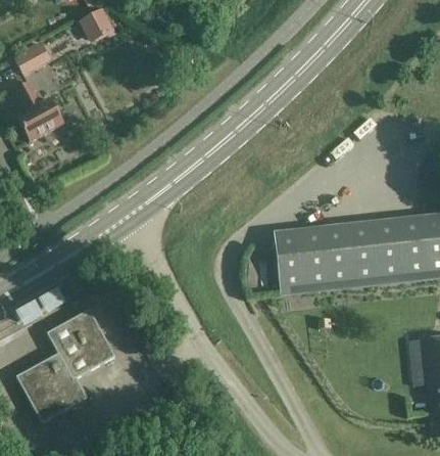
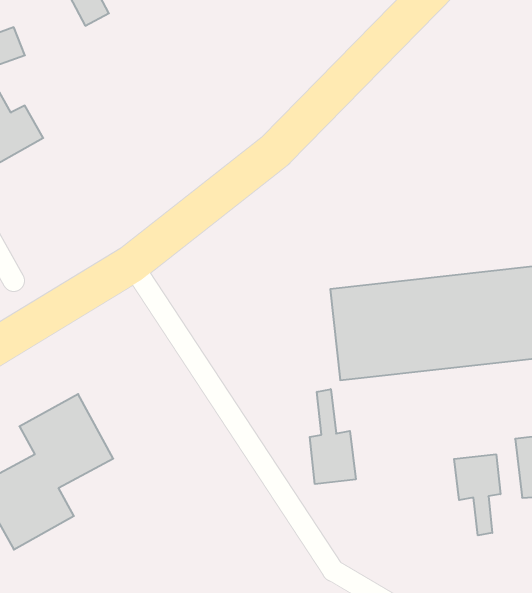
building: none -> [310,389,356,484]
building: none -> [454,454,500,535]

